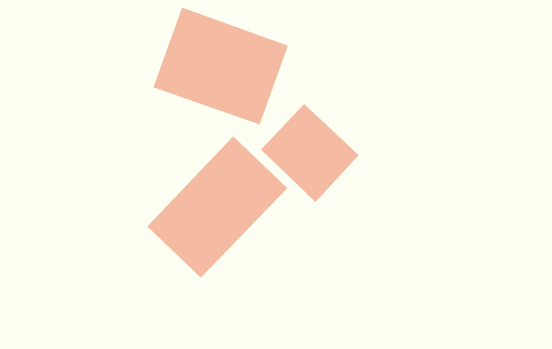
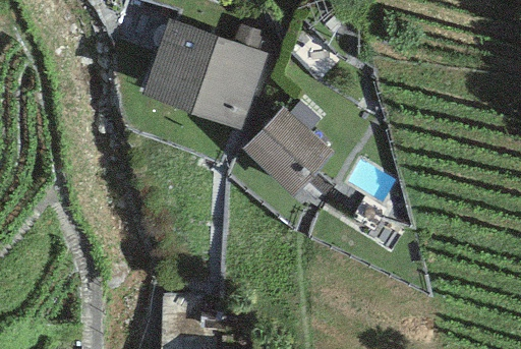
building: [146,135,288,279] -> none

